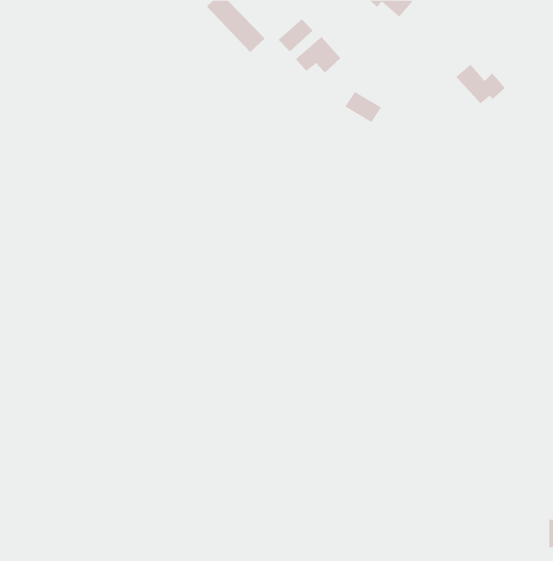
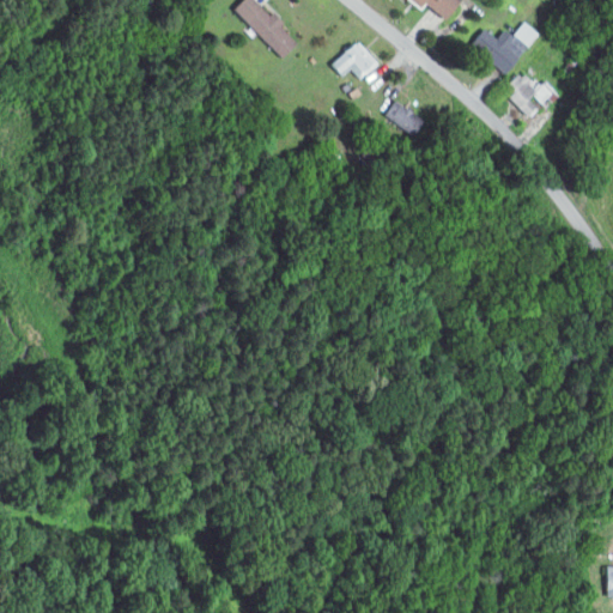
building: [278,18,314,52] -> none
building: none -> [472,20,540,73]

